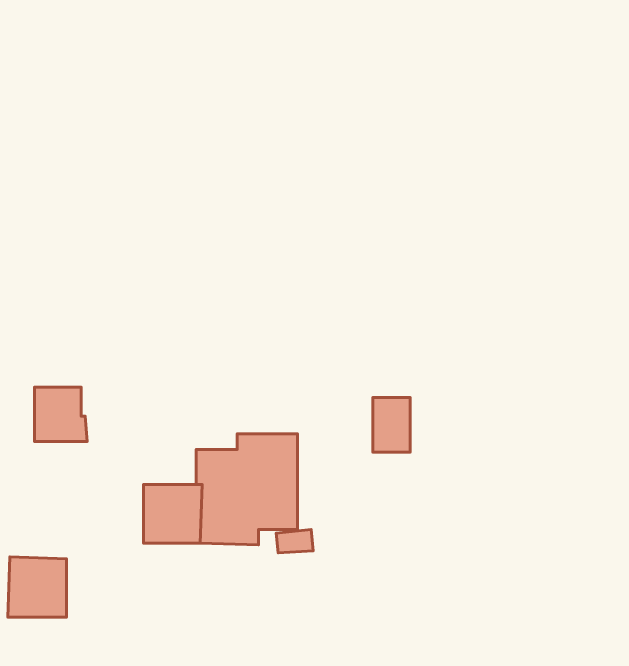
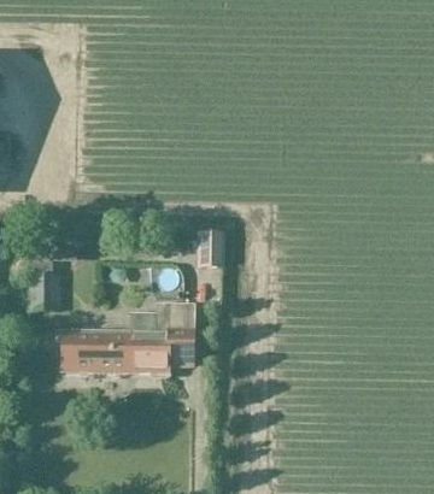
building: [373,397,410,452] -> [199,231,222,265]
building: [8,557,66,617] -> [60,333,96,370]

